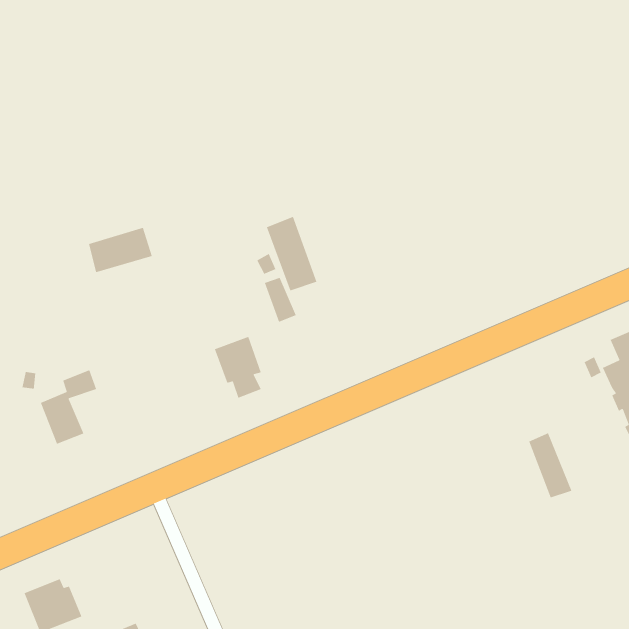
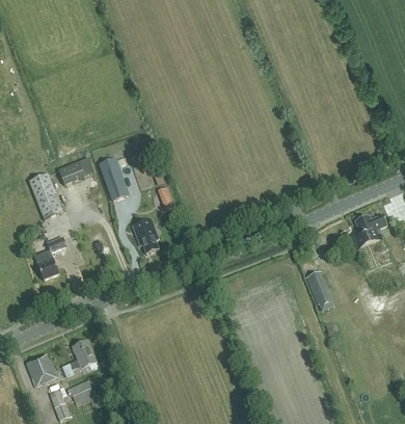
building: [266,216,318,292] -> [99,158,128,201]
building: none -> [28,173,63,219]
building: none -> [69,340,96,370]

